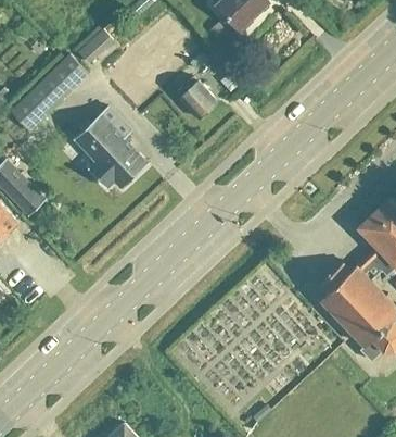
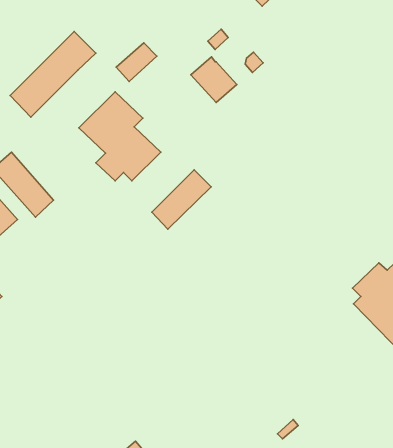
building: [76,29,113,64] -> [116,43,157,82]
building: none -> [152,170,211,229]

